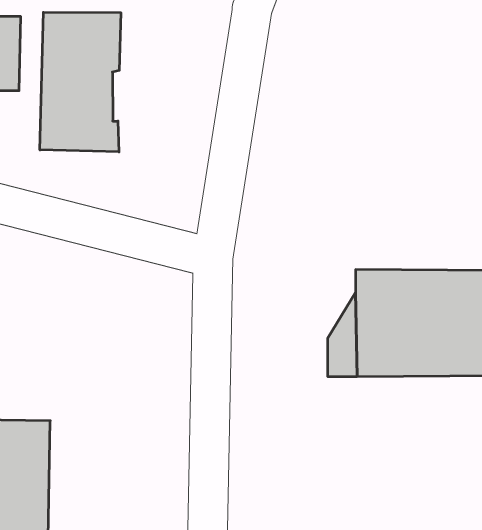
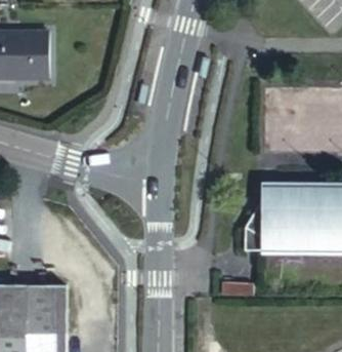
building: [40,12,121,152] -> none

